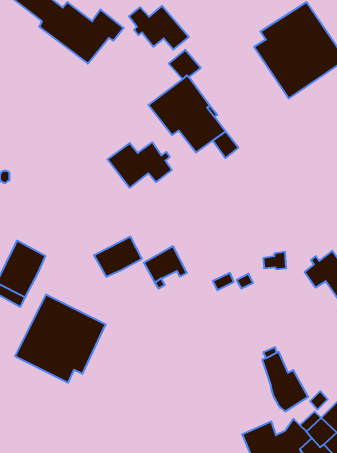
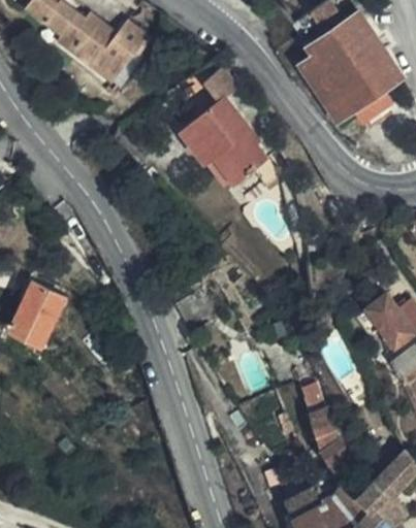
building: [129,6,189,50] -> none
building: [107,142,172,188] -> none
building: [94,236,142,277] -> none
building: [15,294,106,383] -> none

